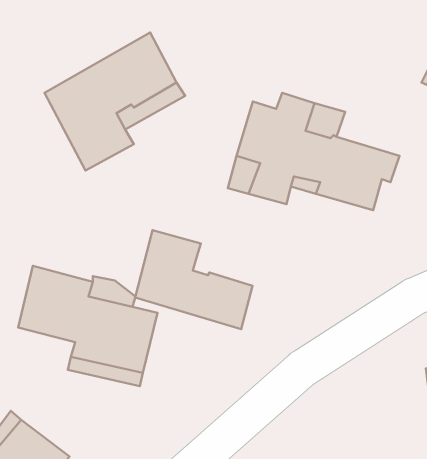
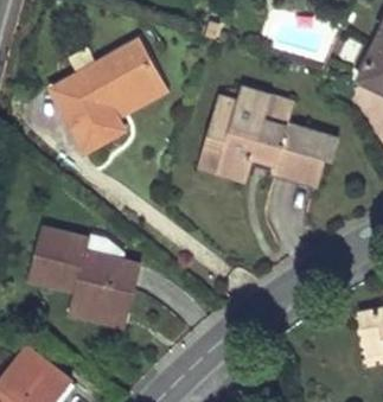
building: [135,230,252,329] -> none

